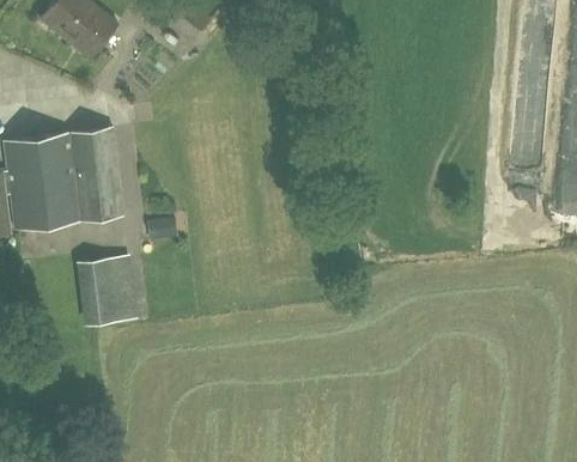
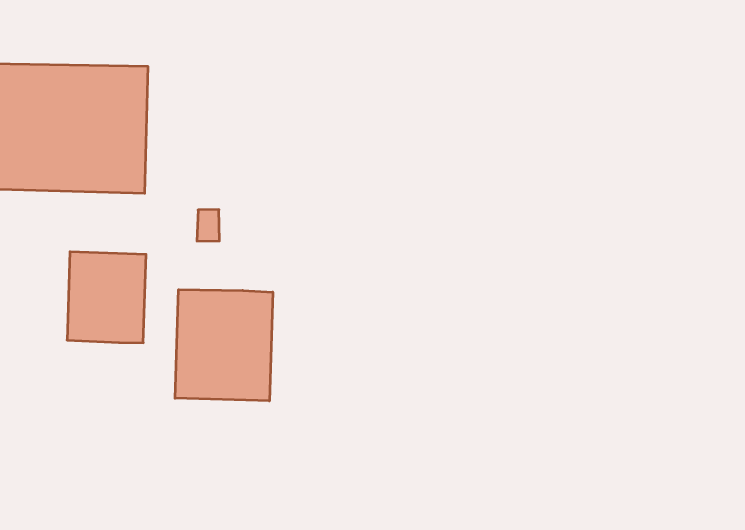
building: none -> [175,290,273,401]

